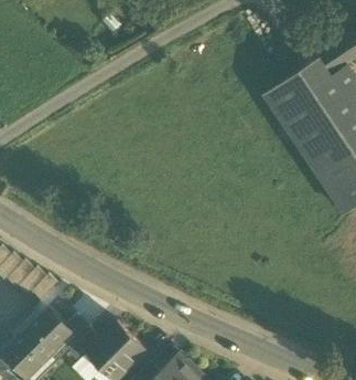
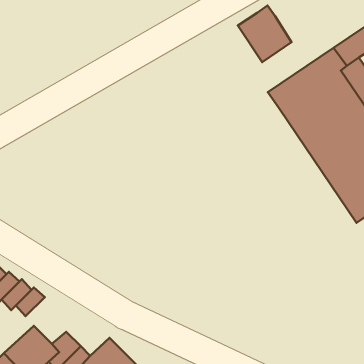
building: none -> [238,5,292,62]

